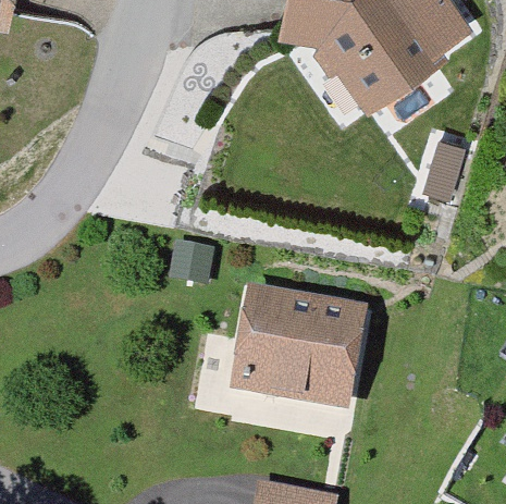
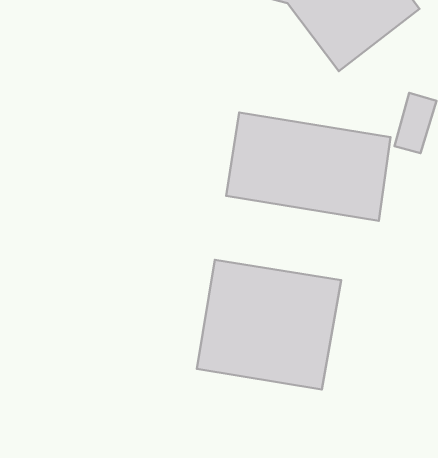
building: none -> [226,112,391,221]

